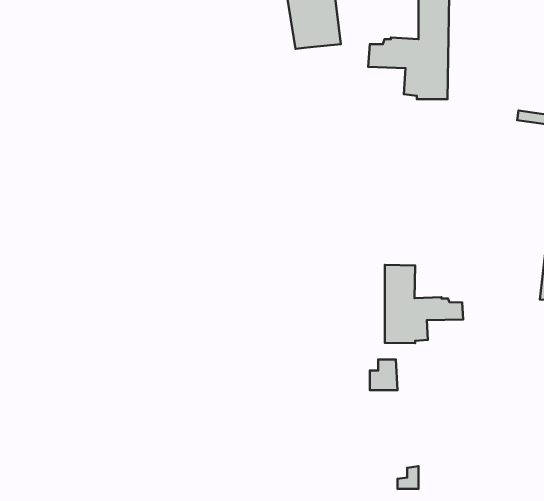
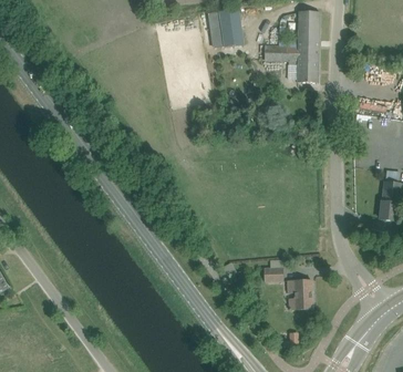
building: [385,265,463,343] -> none
building: none -> [288,279,313,309]

